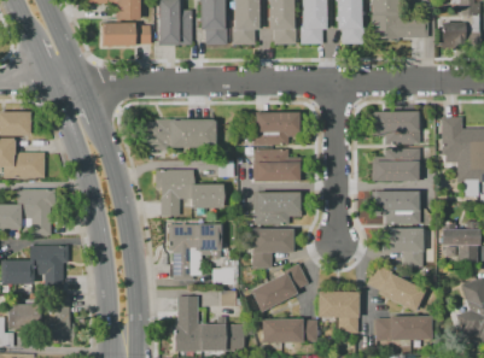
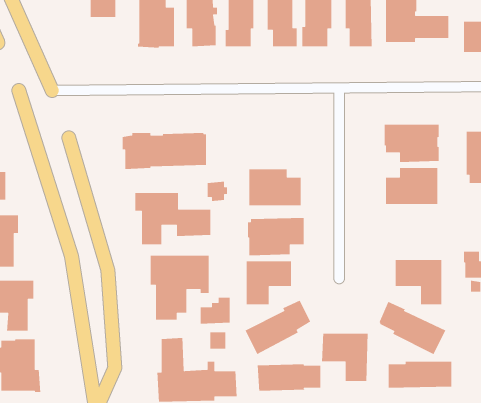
building: [103,23,152,46] -> none
building: [255,112,303,145] -> none
building: [375,190,420,223] -> none

